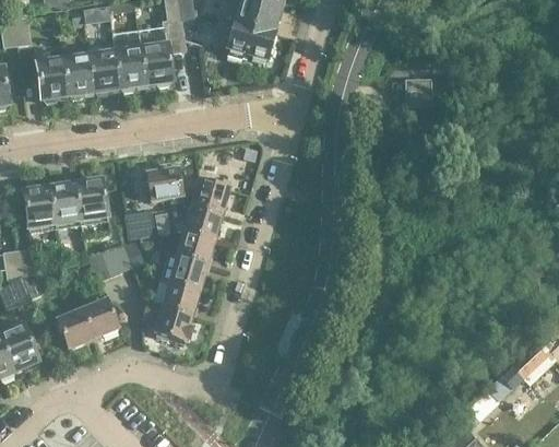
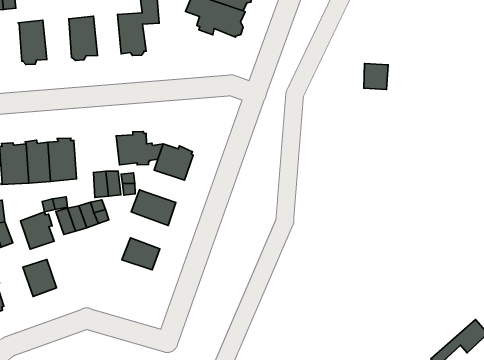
building: [115,43,146,91] -> none
building: [61,50,94,97] -> none
building: [182,205,222,238] -> none
building: [165,251,207,289] -> none
building: [81,296,118,337] -> [20,212,54,249]
building: [143,298,193,340] -> none

